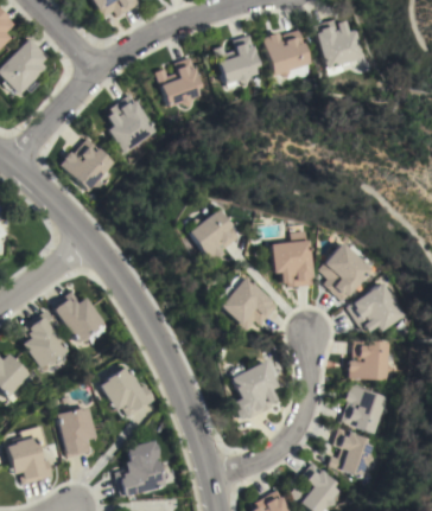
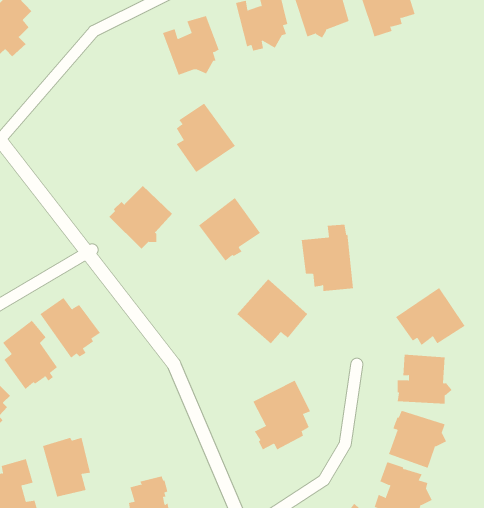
building: [108,95,158,153] -> [176,103,236,173]
building: [62,139,115,192] -> [109,185,173,250]
building: [320,242,374,301] -> none
building: [100,365,155,417] -> none

